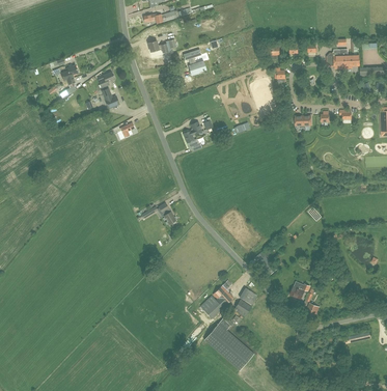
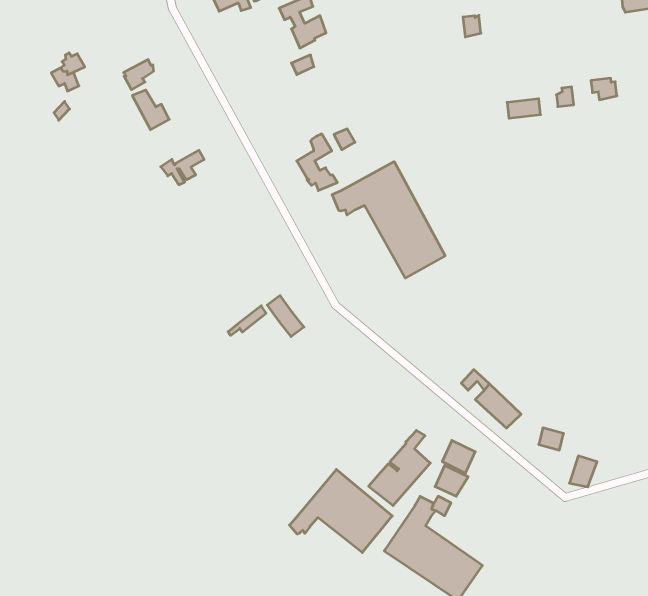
building: none -> [332,162,445,278]
building: none -> [289,469,392,553]

